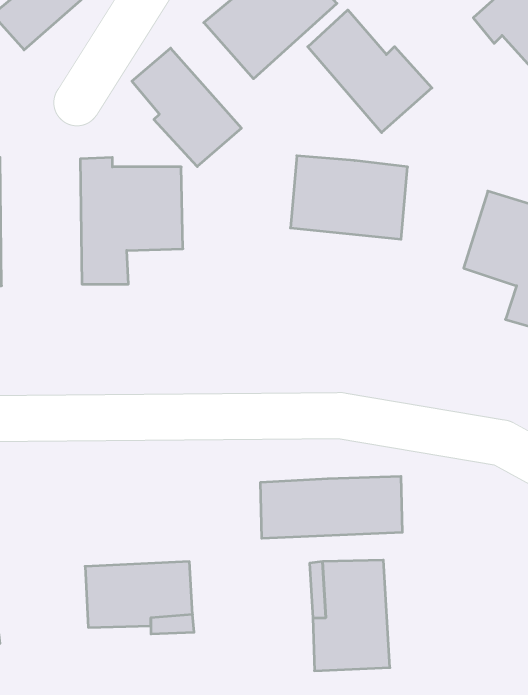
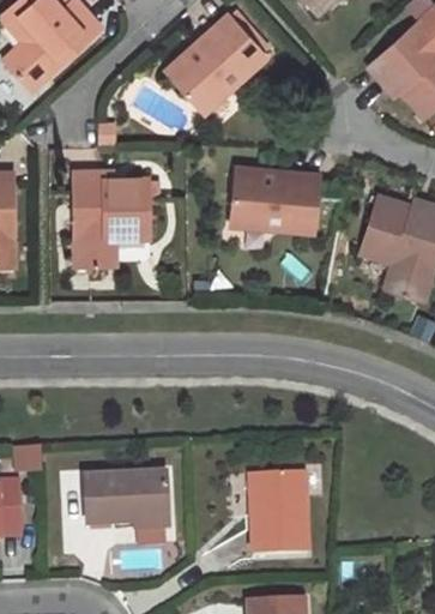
building: [308,10,432,133] -> none
building: [132,48,241,167] -> none
building: [261,476,402,538] -> none

